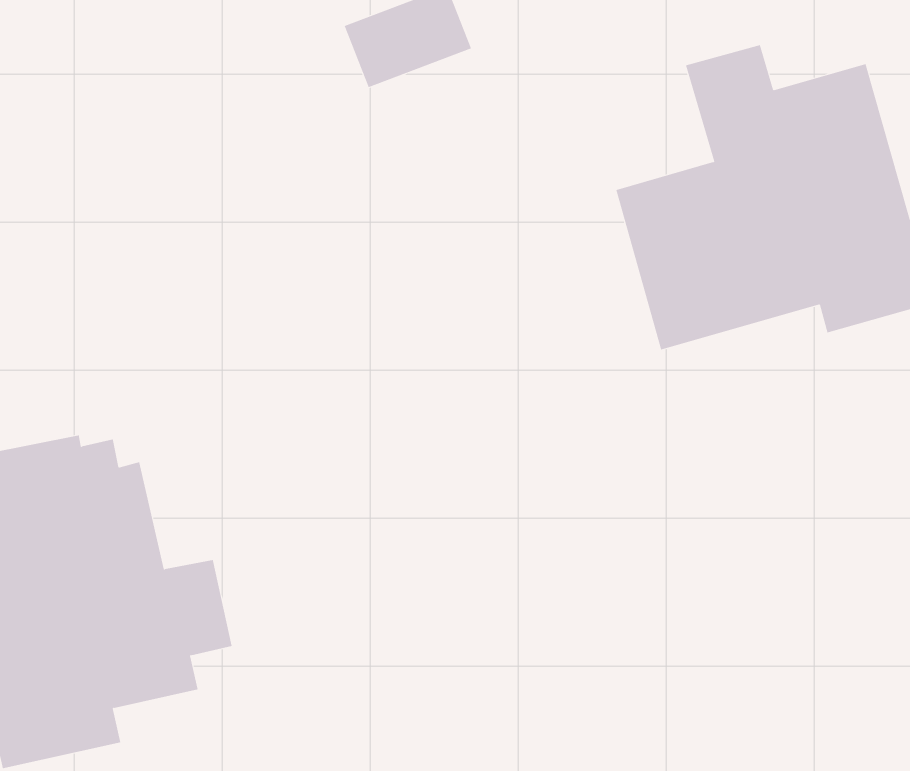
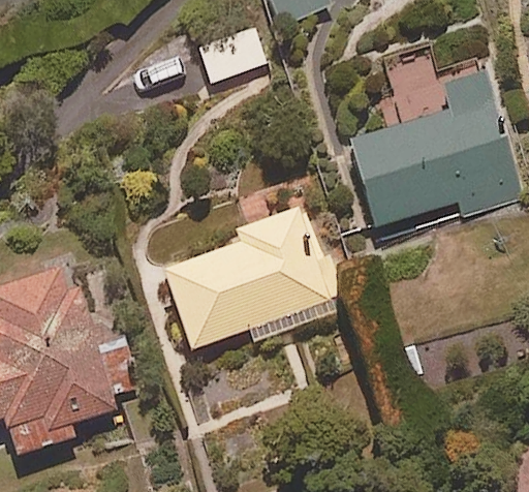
building: none -> [159,204,336,349]

